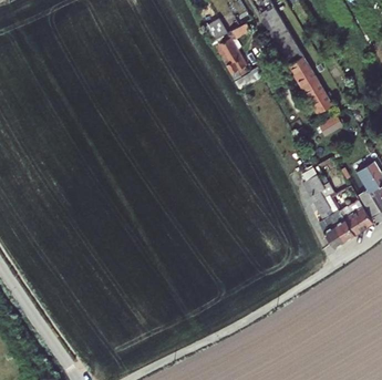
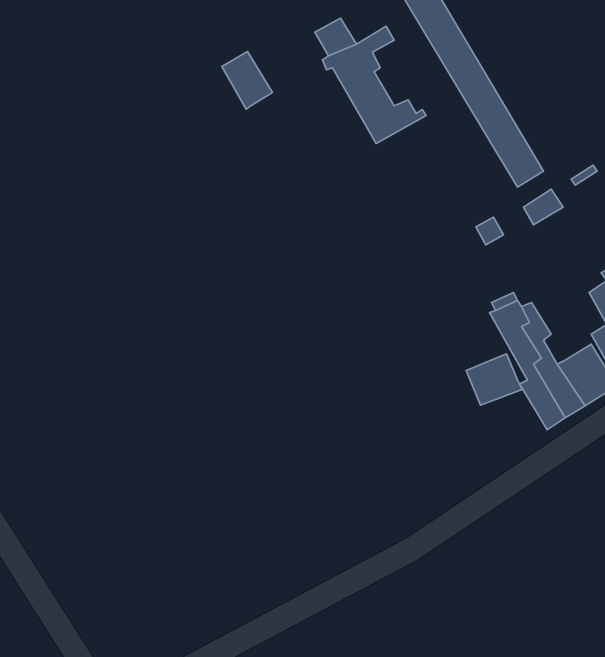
building: none -> [222,51,272,109]
building: none -> [466,354,522,405]

